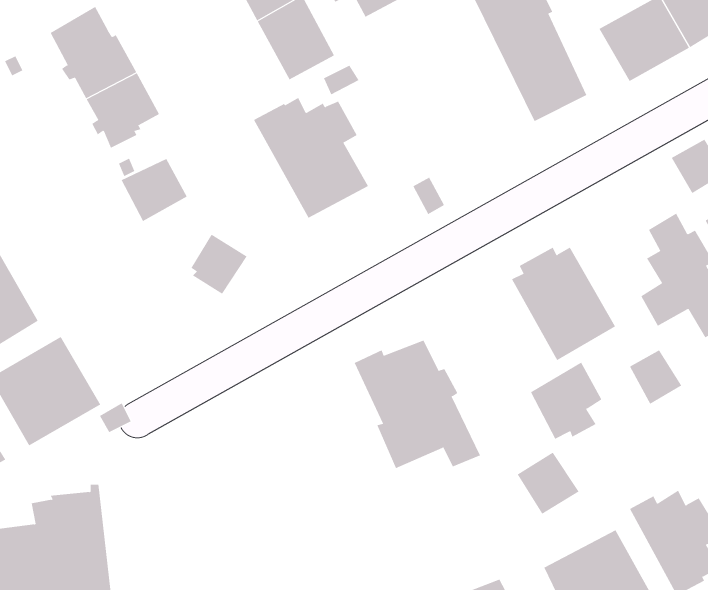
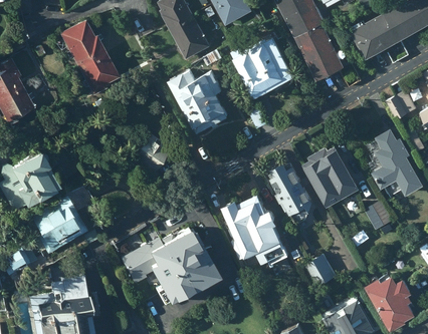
building: none -> [231,32,293,99]
building: [121,158,187,222] -> none
building: [530,362,602,439] -> [269,166,307,208]
building: none -> [119,229,214,301]

